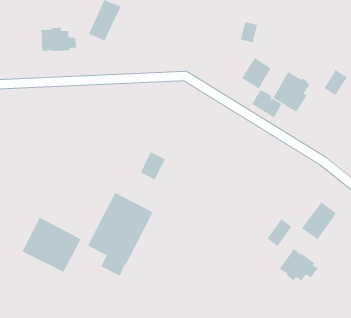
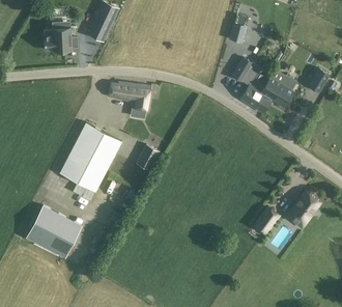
building: none -> [110,82,151,111]
building: [87,192,154,277] -> [60,122,122,201]
building: [279,248,319,282] -> none

